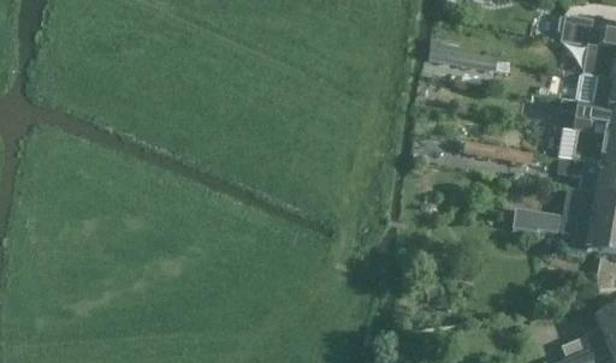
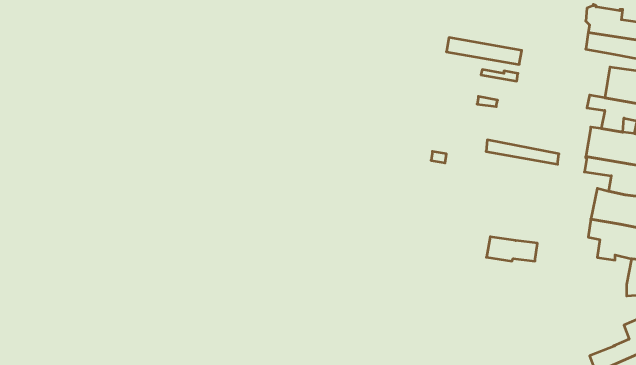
building: [514,208,562,231] -> [486,237,537,261]

